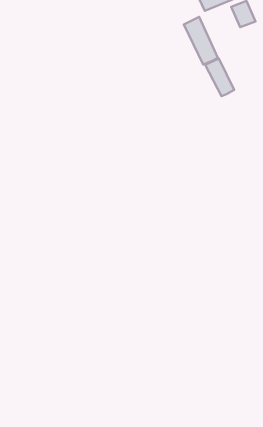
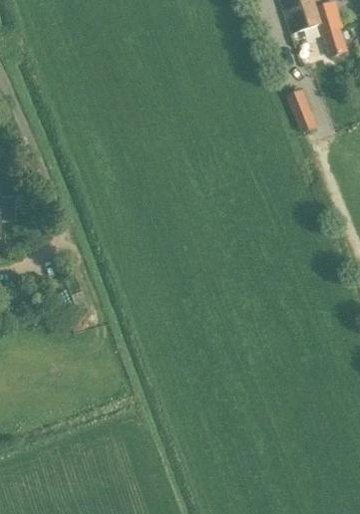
building: [184,17,218,64] -> none

